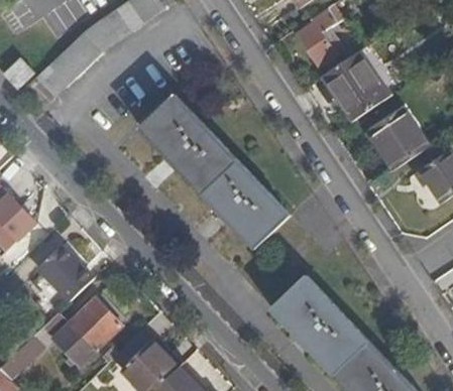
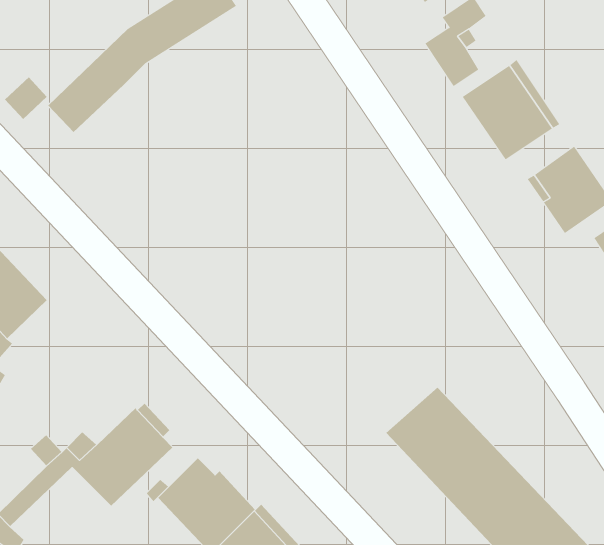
building: [140,96,289,250] -> none
building: [38,240,96,297] -> none

